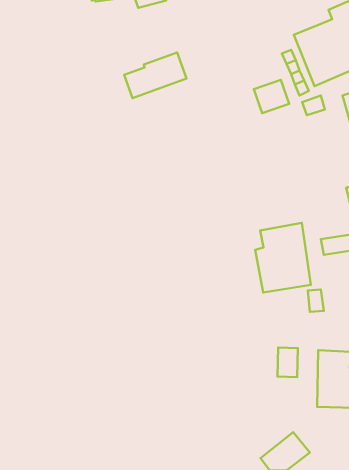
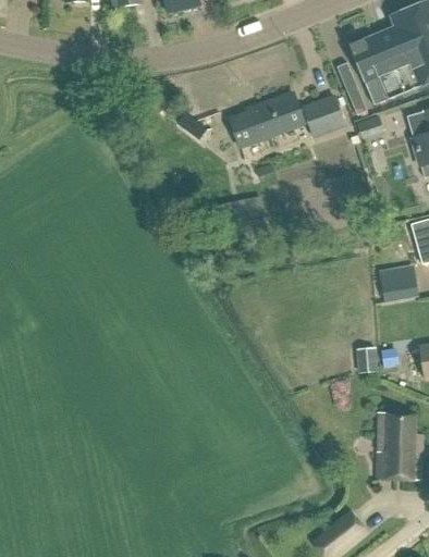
building: [124,52,187,98] -> [230,91,303,145]
building: [255,223,311,292] -> none
building: [277,348,298,377] -> none

